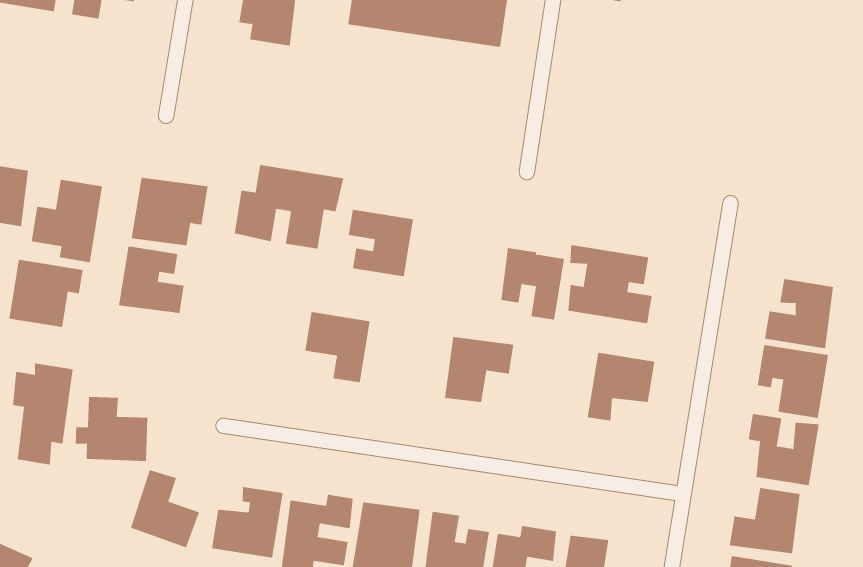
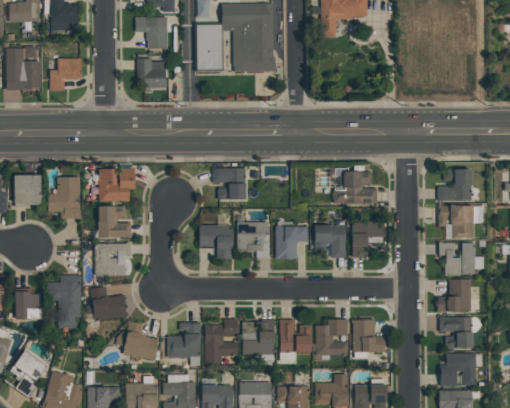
building: [234,164,344,250] -> none
building: [501,247,565,320] -> [314,223,345,257]
building: [9,259,84,328] -> [95,243,130,275]
building: none -> [236,222,269,256]

